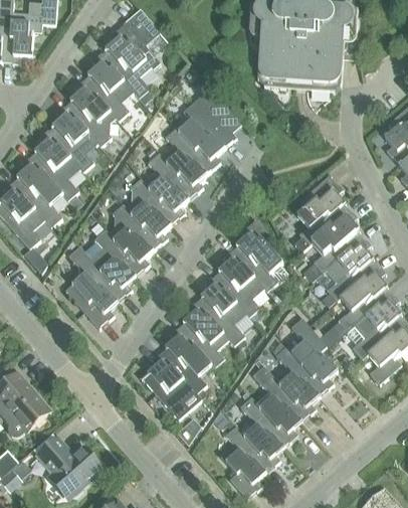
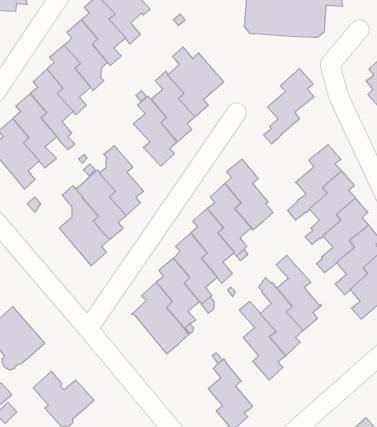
building: [292,173,345,251] -> [264,68,314,144]
building: [125,177,171,250] -> none
building: [238,396,283,474] -> none

